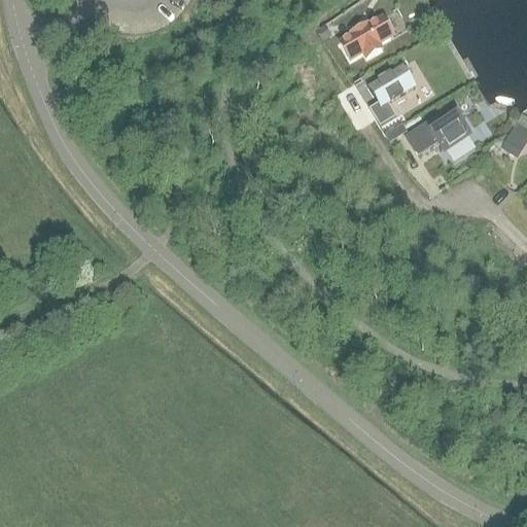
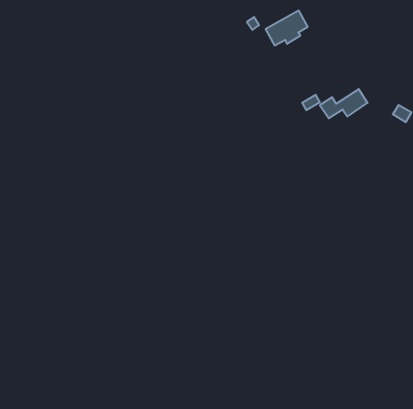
building: [367,59,418,120] -> none

